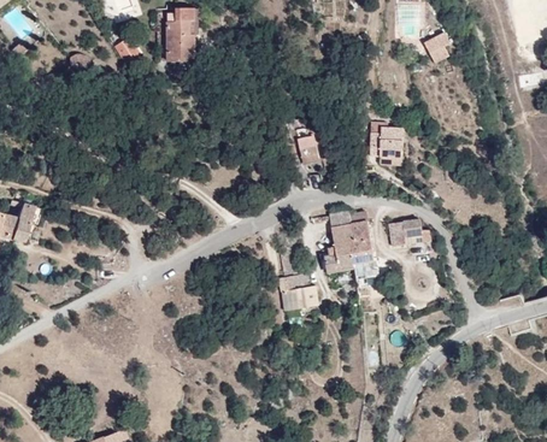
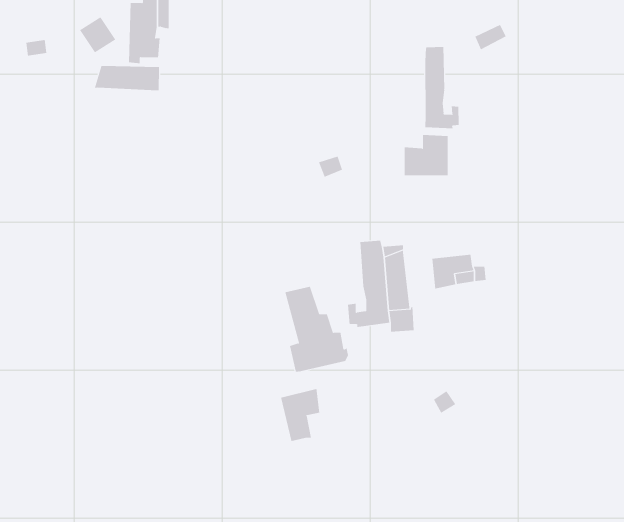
building: none -> [425,46,459,129]
building: none -> [94,65,160,91]
building: none -> [281,388,320,442]

